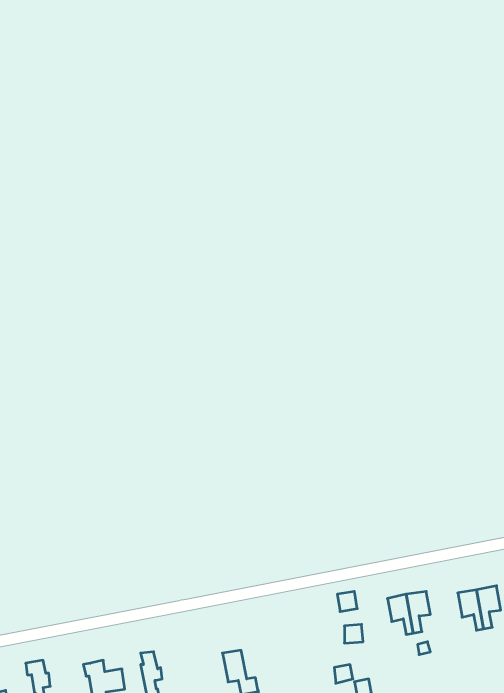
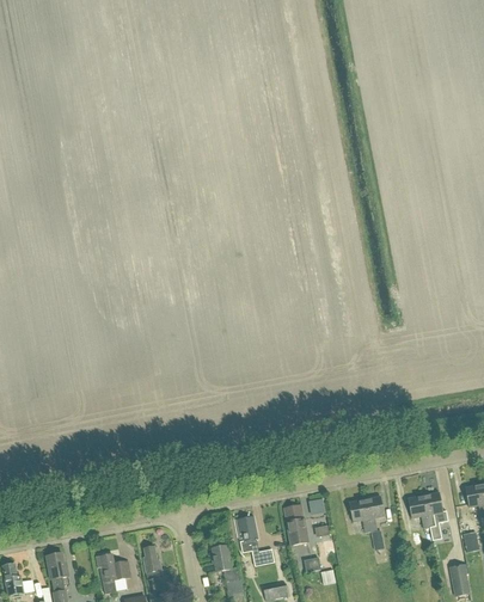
building: none -> [283,505,307,543]
building: none -> [235,515,274,565]

